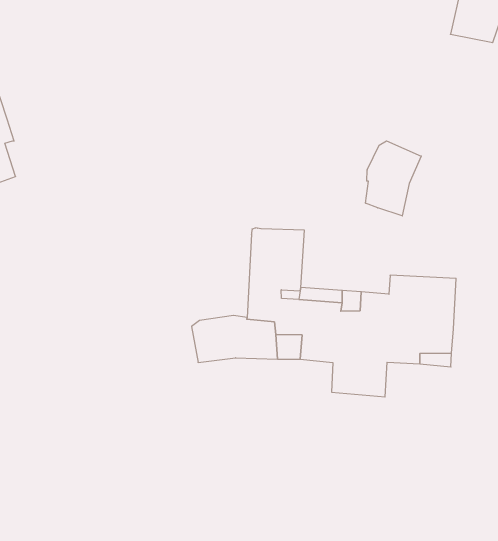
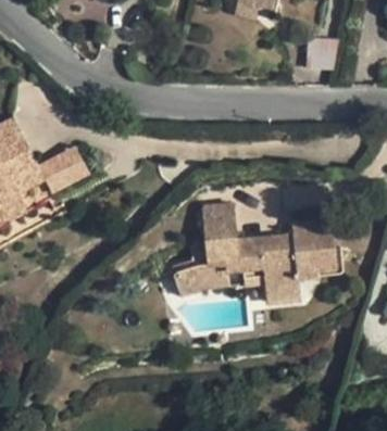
building: none -> [38,145,89,192]
building: [366,141,421,216] -> none

